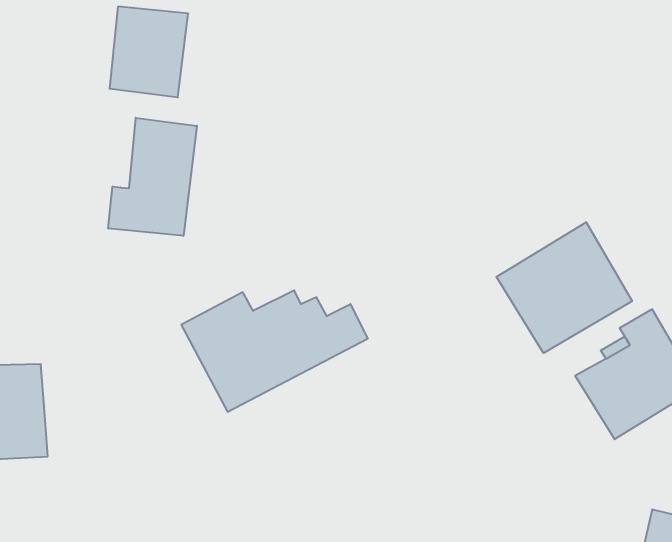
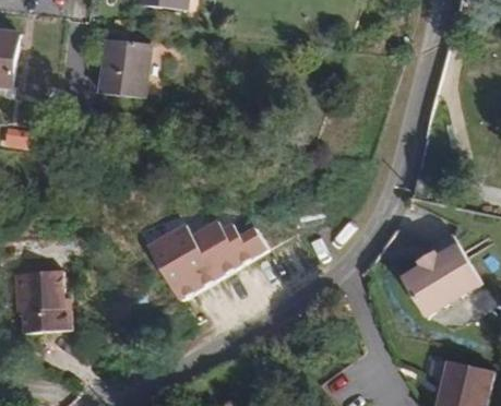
building: [108,118,197,236] -> none
building: [496,222,632,353] -> none

